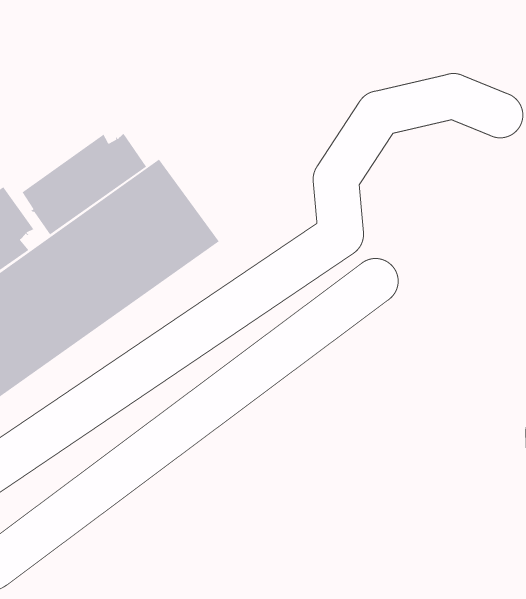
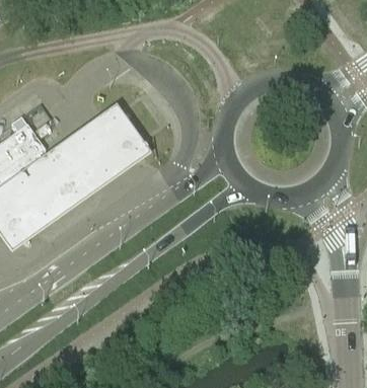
building: [21,133,147,235] -> none

